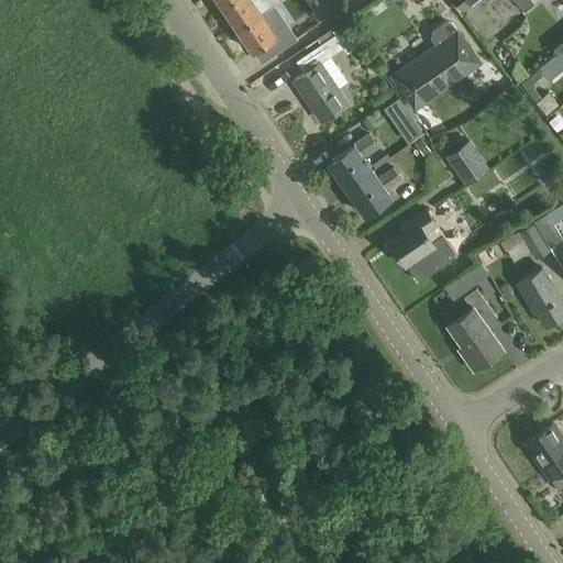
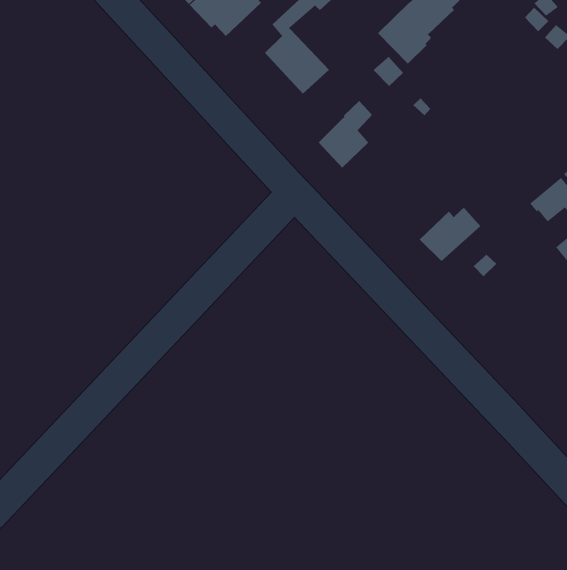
building: [445,142,488,186] -> none
building: [345,169,400,217] -> none
building: [388,212,438,261] -> none
building: [448,290,503,372] -> none

